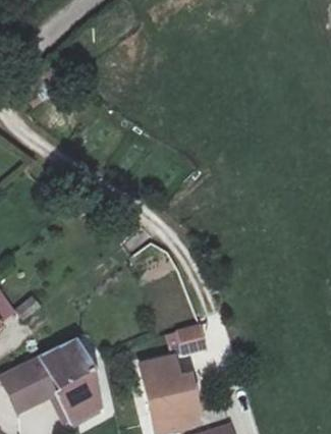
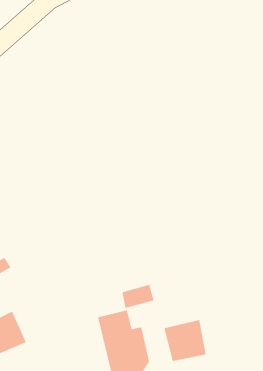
building: [43,339,104,418] -> none
building: none -> [163,319,206,362]

